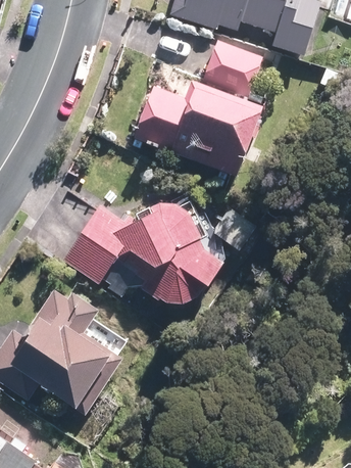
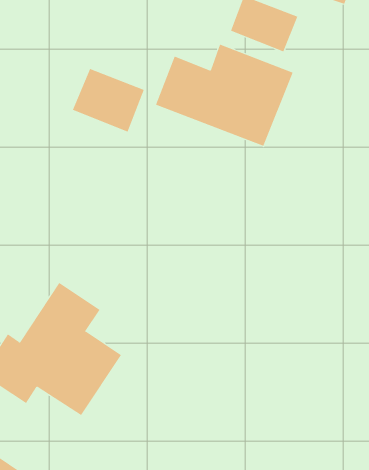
building: none -> [72,68,145,133]
building: [69,198,213,299] -> none

